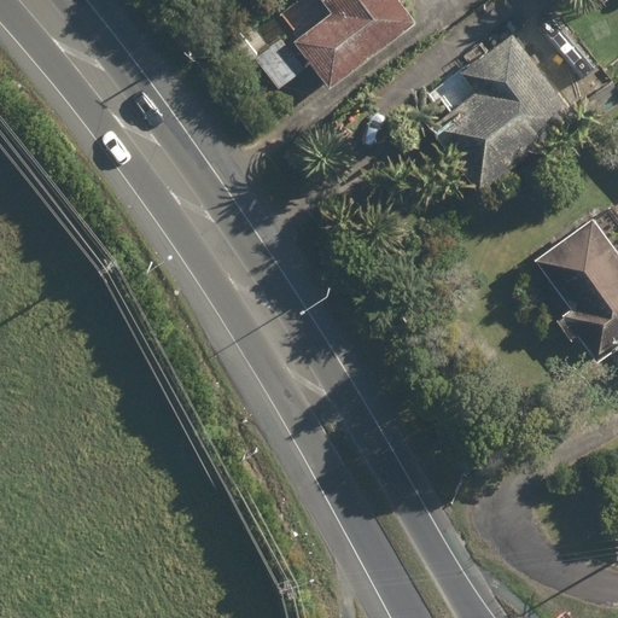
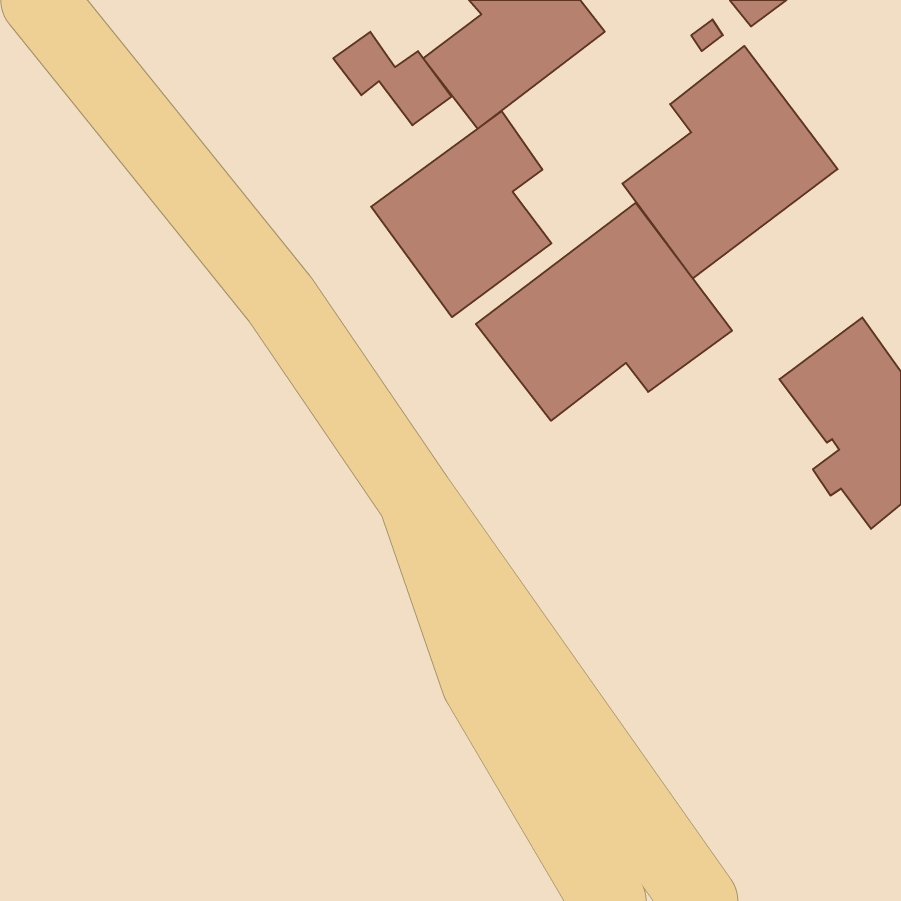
building: none -> [371,111,551,317]
building: none -> [476,203,732,421]

